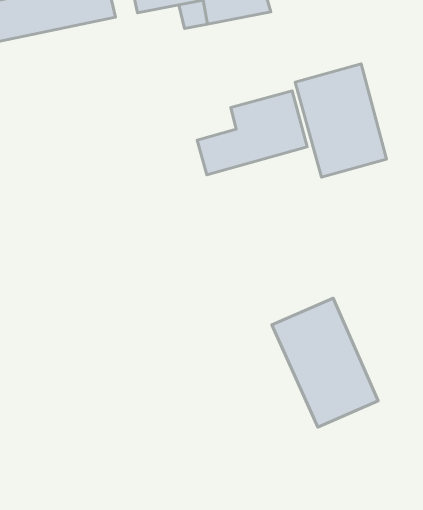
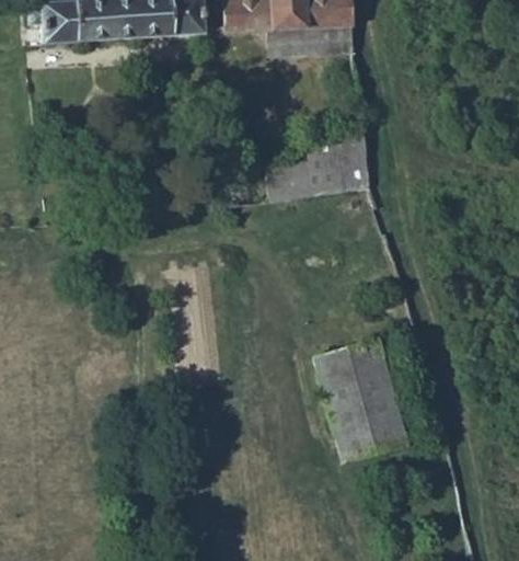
building: [295,64,386,177] -> none

